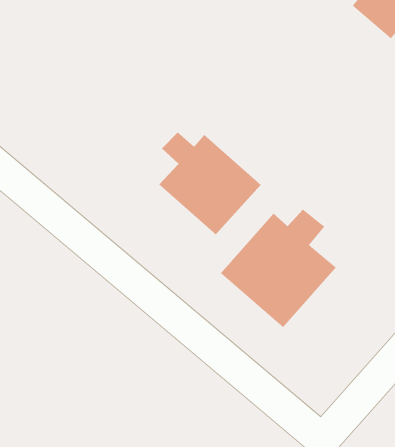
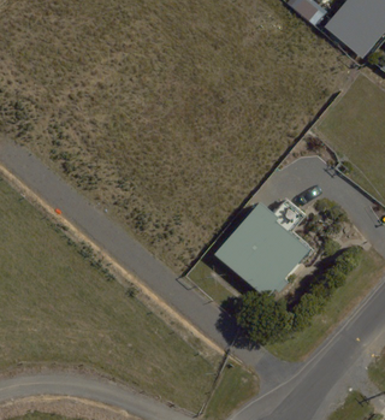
building: [159,132,261,235] -> none

